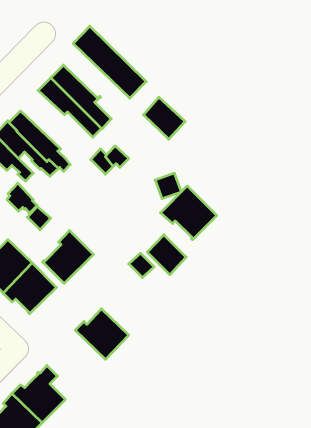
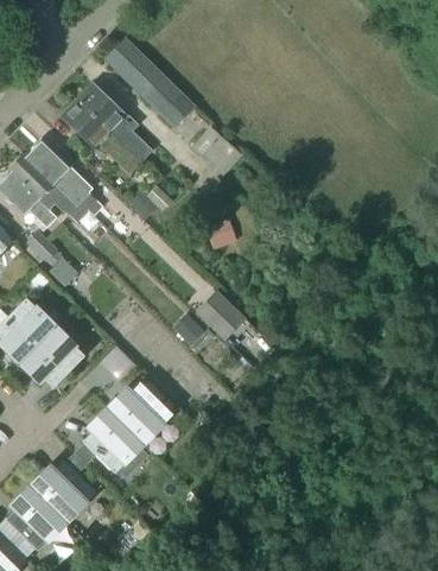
building: [160,186,217,240] -> none
building: [43,230,93,283] -> none
building: none -> [72,408,144,474]

